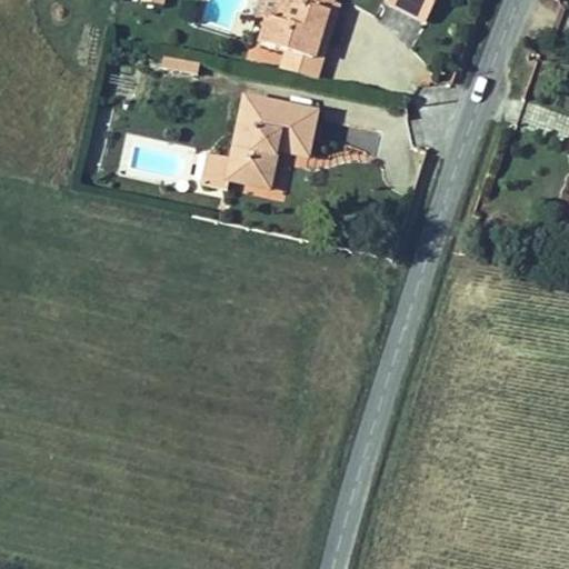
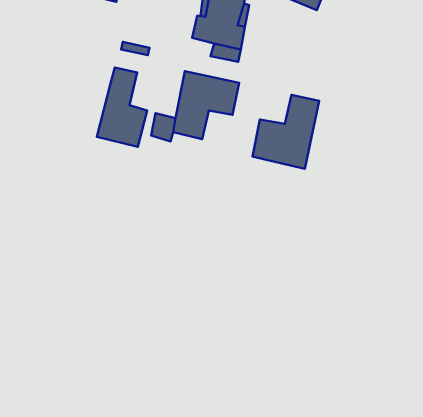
building: none -> [97,67,147,147]
building: none -> [253,95,319,169]

